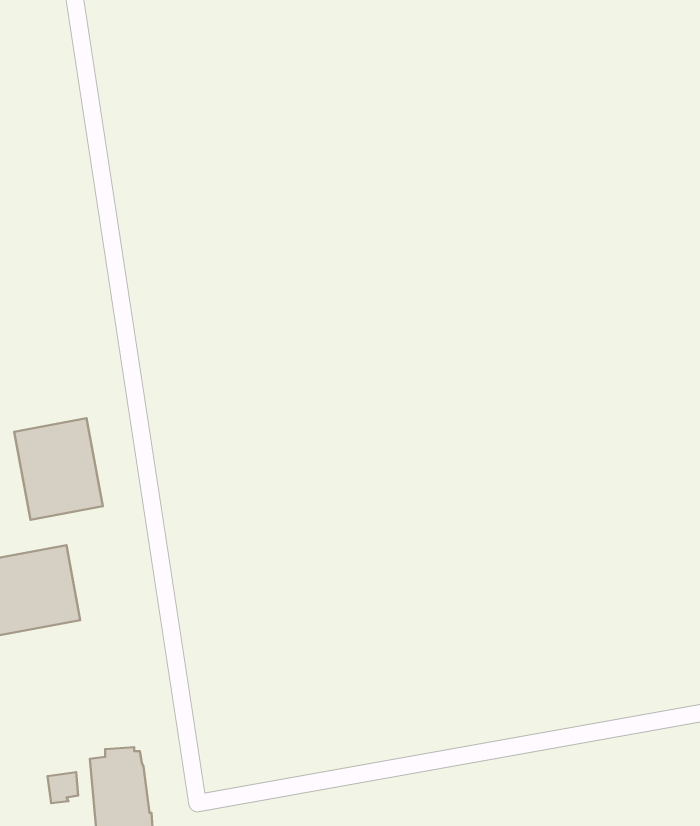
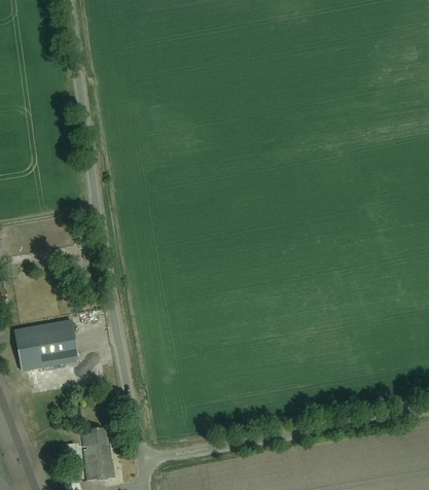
building: [14,418,103,520] -> none

